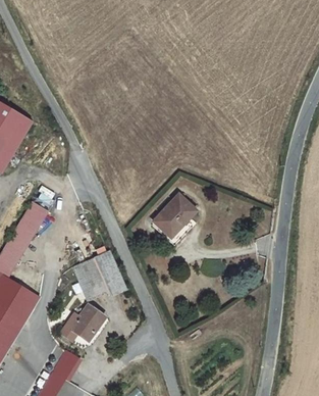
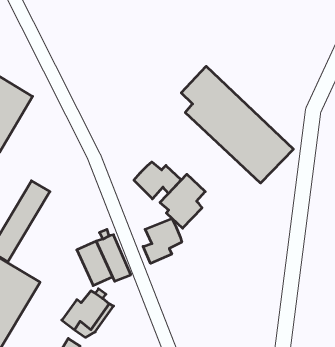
building: none -> [181,66,293,183]
building: none -> [134,162,181,199]
building: none -> [143,218,182,263]

